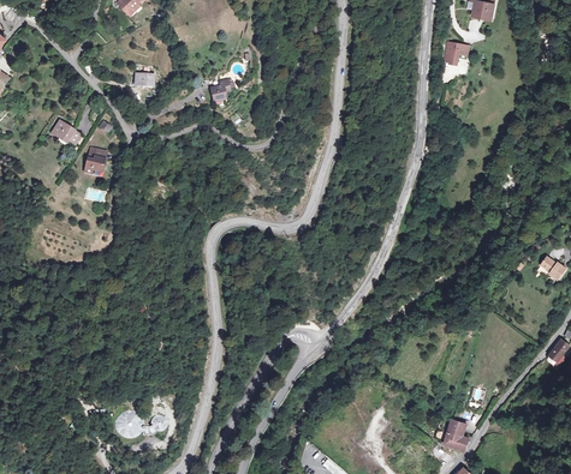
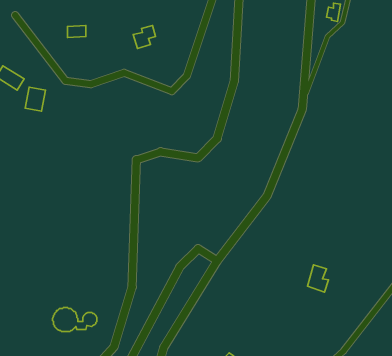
building: [444,420,469,452] -> [307,265,329,292]

